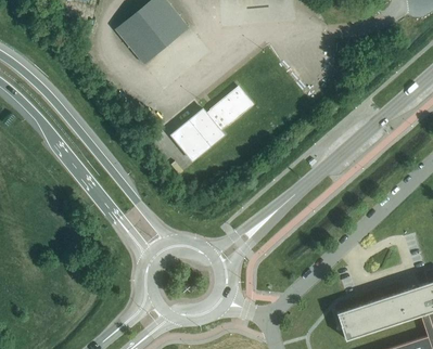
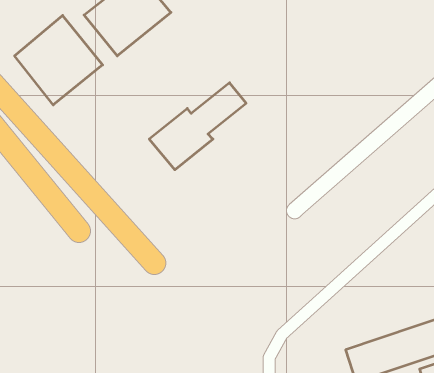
building: none -> [15,15,103,105]

